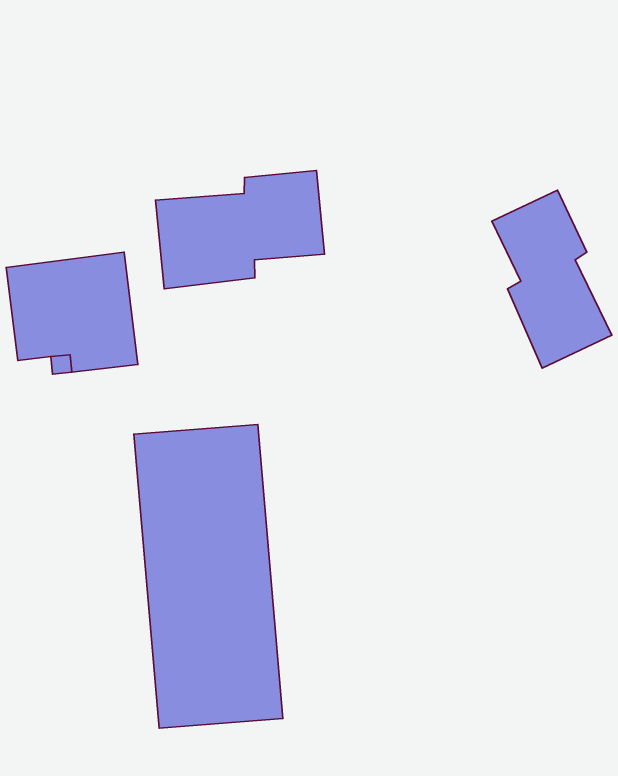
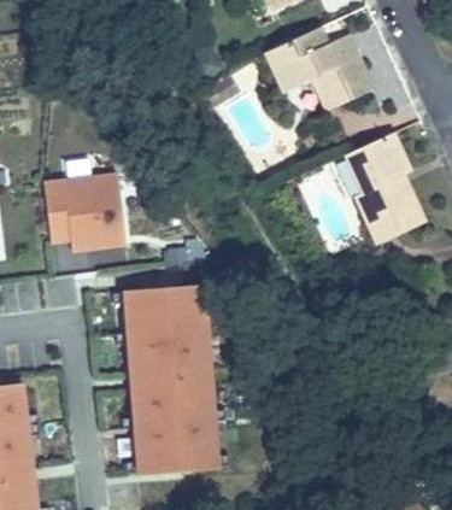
building: none -> [268,29,374,110]
building: [156,171,325,289] -> none

